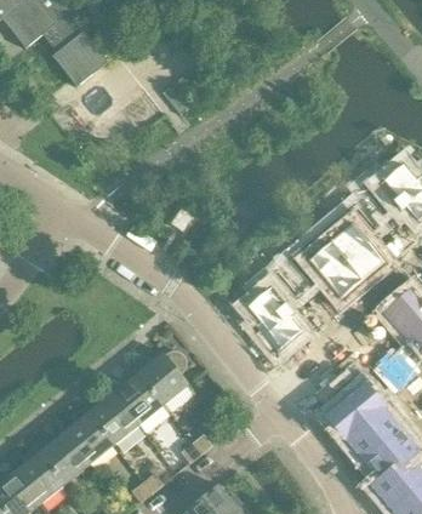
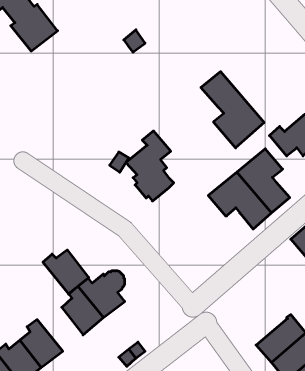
building: none -> [201,72,264,148]
building: [244,269,301,353] -> [126,131,174,201]
building: [325,373,381,438] -> none
building: [82,393,137,445] -> [43,250,89,294]

